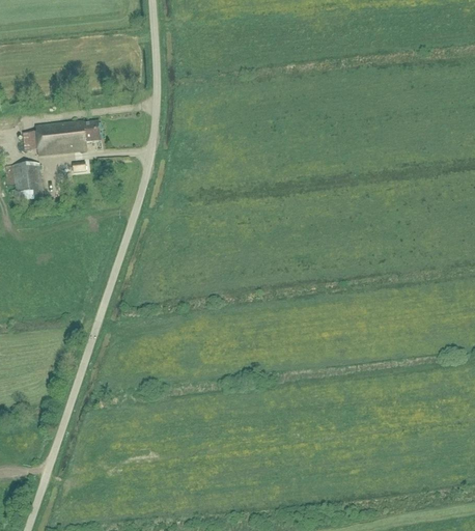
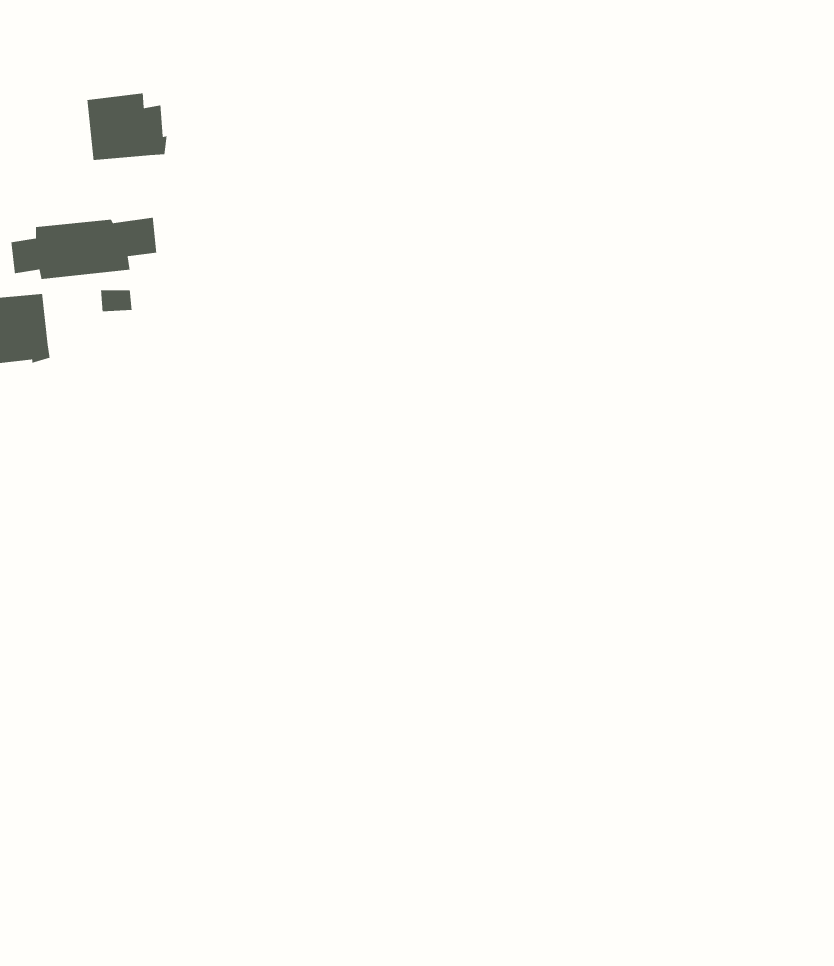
building: none -> [86,93,168,161]

